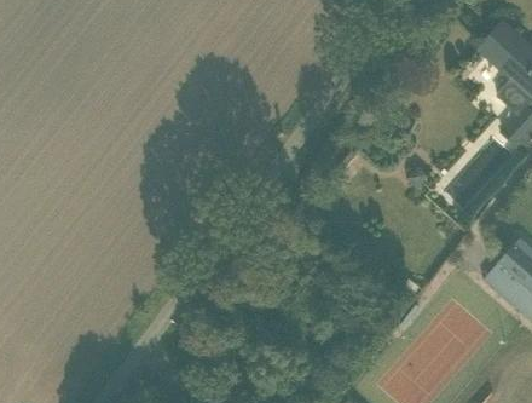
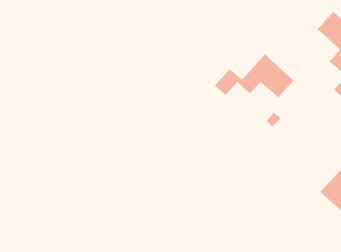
building: none -> [214,54,294,98]

